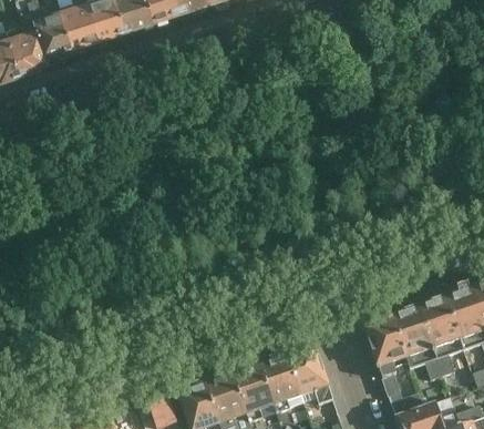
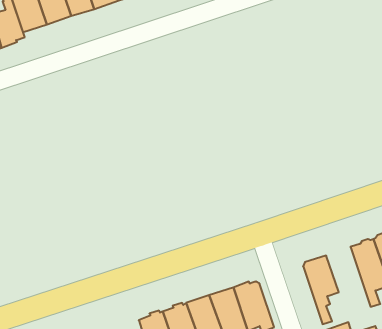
building: [392,307,443,380] -> none

